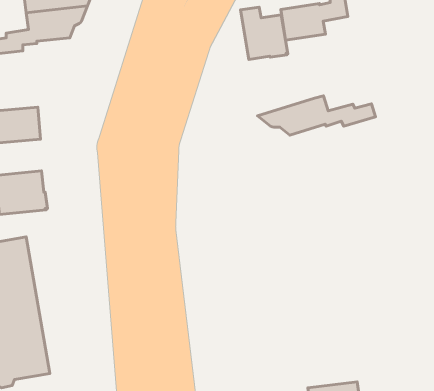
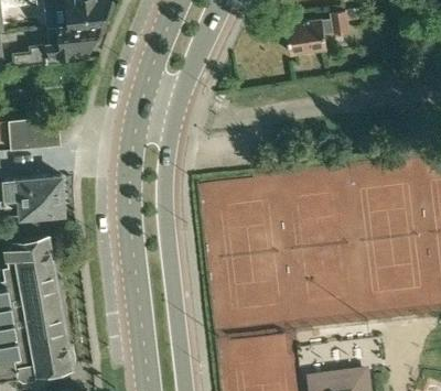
building: [240,7,288,60] -> none
building: [258,96,375,135] -> none

